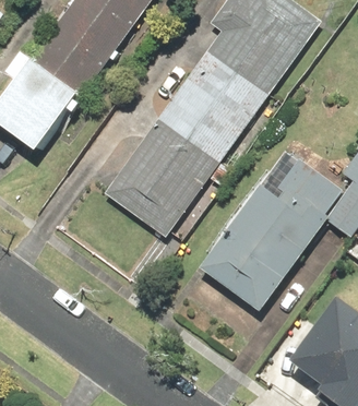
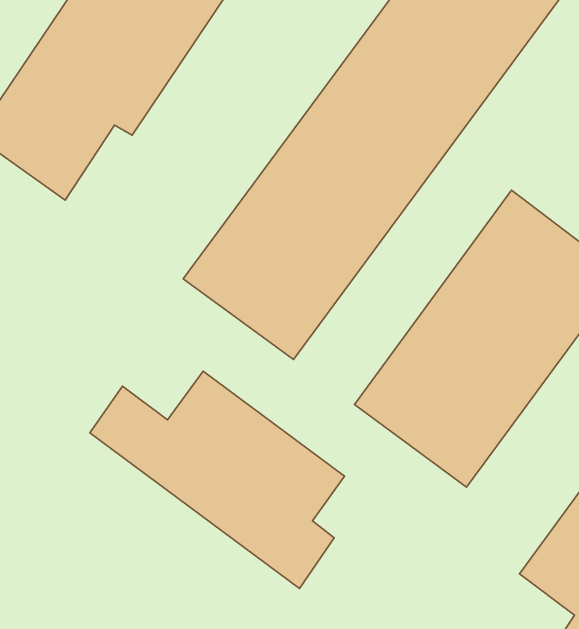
building: none -> [90,371,344,588]

